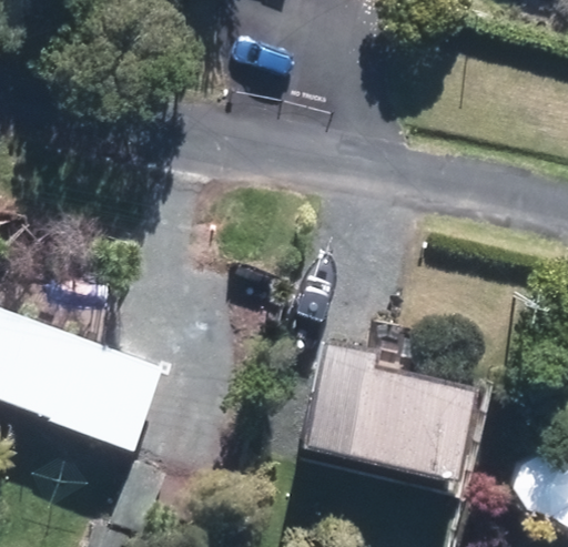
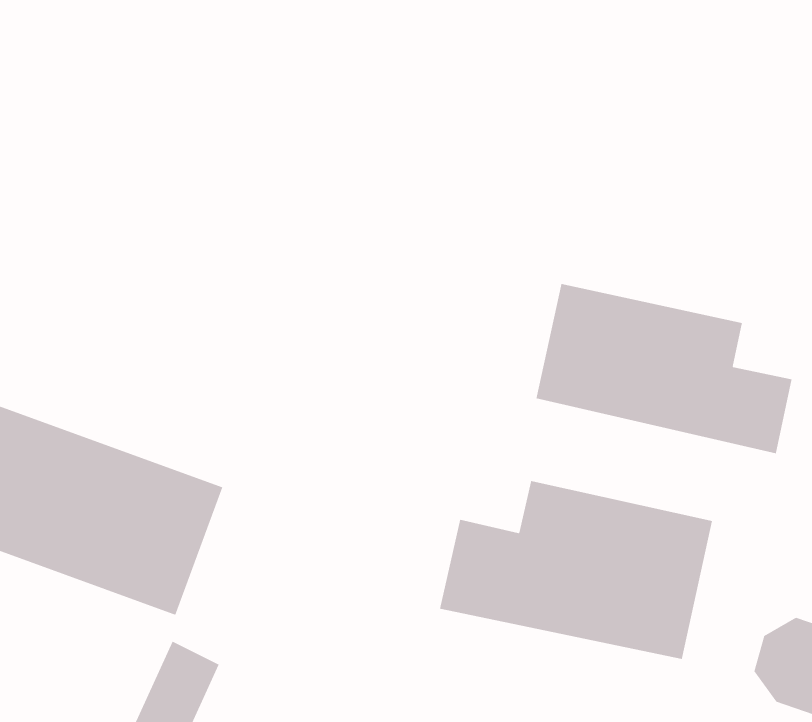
building: none -> [536,283,792,454]

